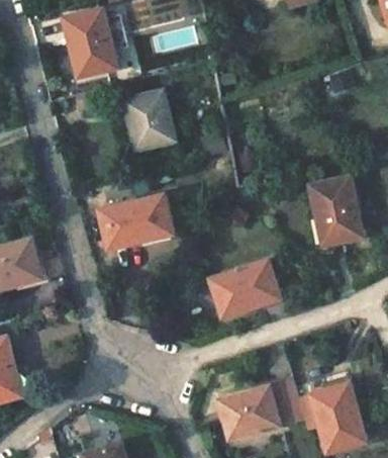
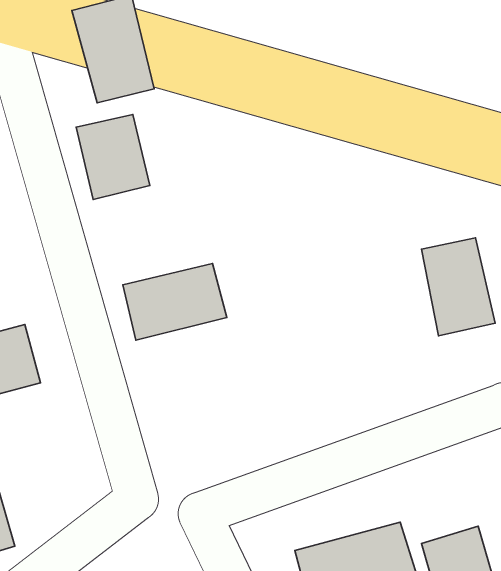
building: [121,92,174,153] -> [76,114,150,200]
building: [208,261,279,319] -> none

